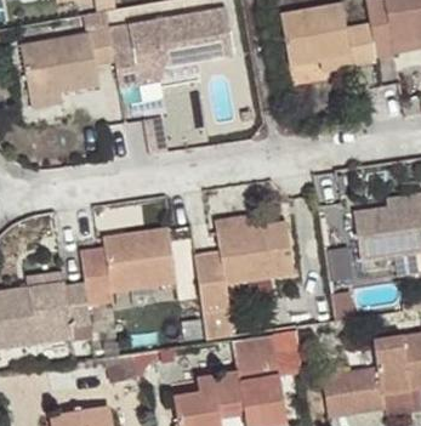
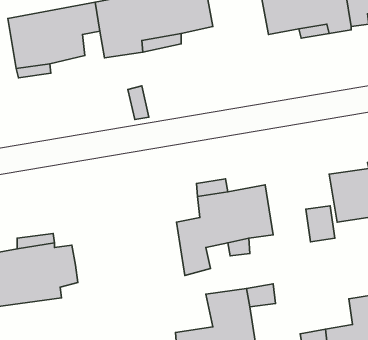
building: [80,227,177,306] -> none

